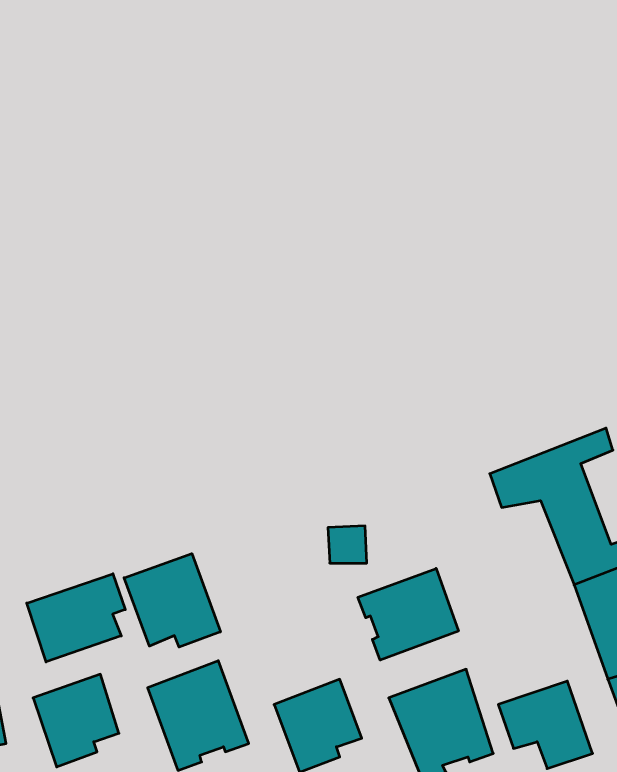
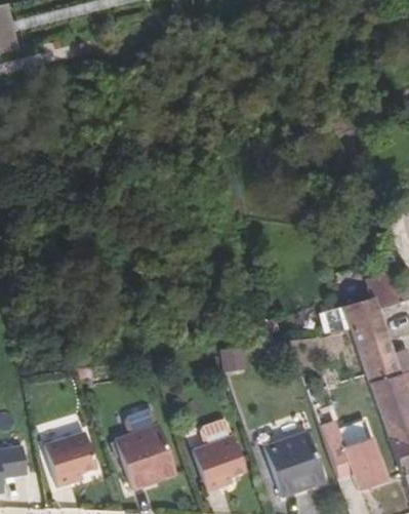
building: [124,554,220,647] -> none
building: [358,568,458,660] -> none
building: [27,574,125,662] -> none

